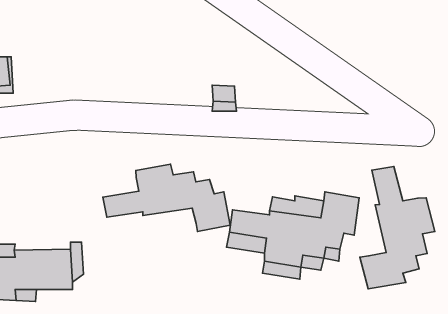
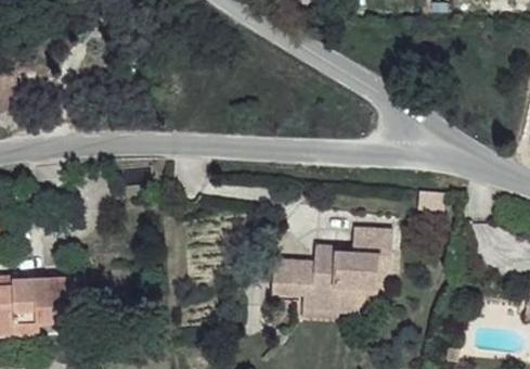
building: [103,164,230,231] -> none
building: [360,166,435,289] -> none

